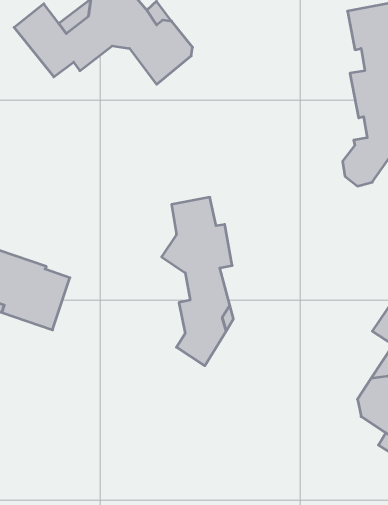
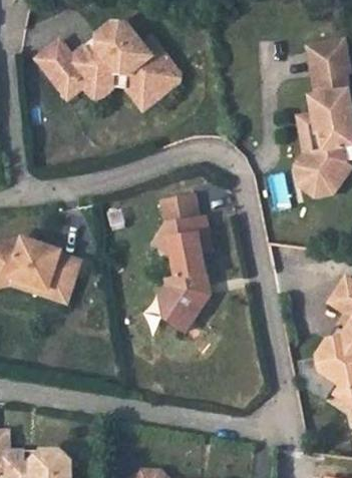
building: none -> [88,72,150,109]

